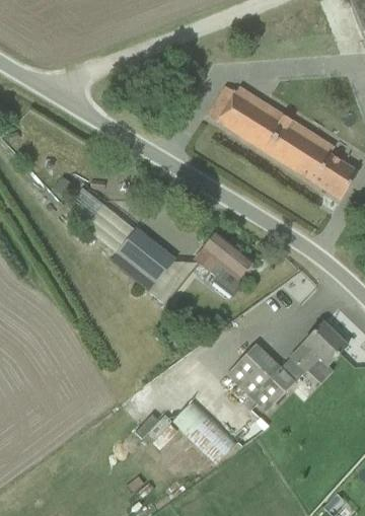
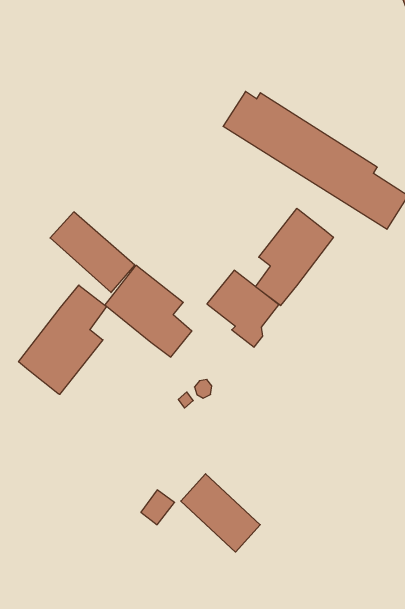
building: none -> [256,208,333,306]
building: none -> [19,285,107,394]
building: [227,320,348,411] -> none

